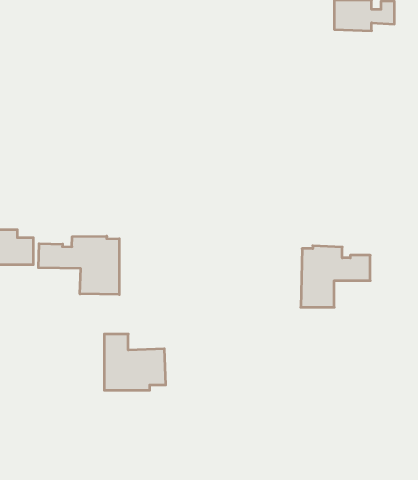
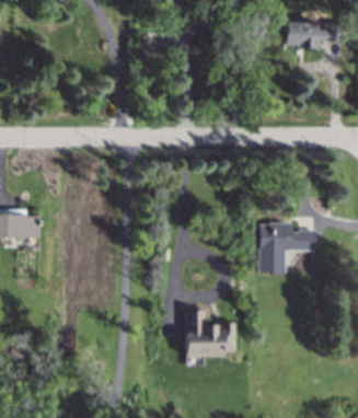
building: [38,236,119,295] -> none
building: [104,334,166,390] -> [185,310,235,356]

